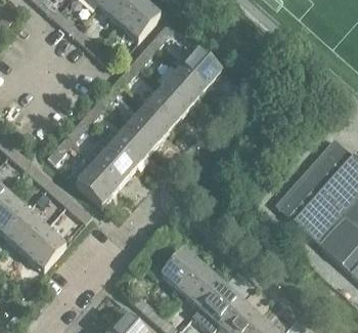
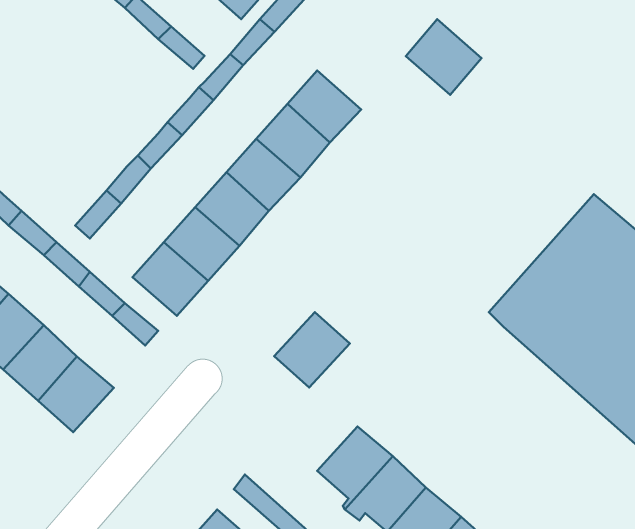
building: [179,47,221,89] -> [406,19,482,95]
building: [160,248,202,290] -> [274,312,350,388]

